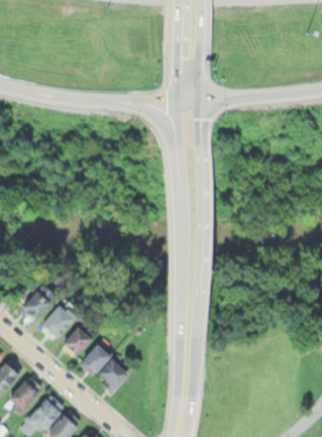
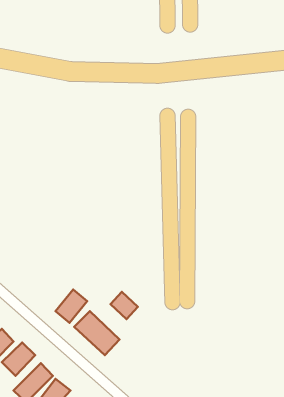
building: [21,287,56,321] -> none
building: [41,305,76,339] -> none
building: none -> [111,292,138,319]

